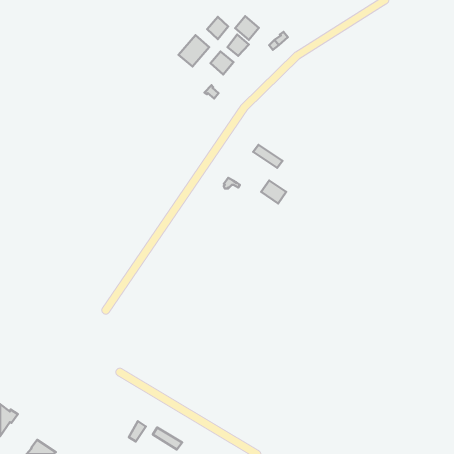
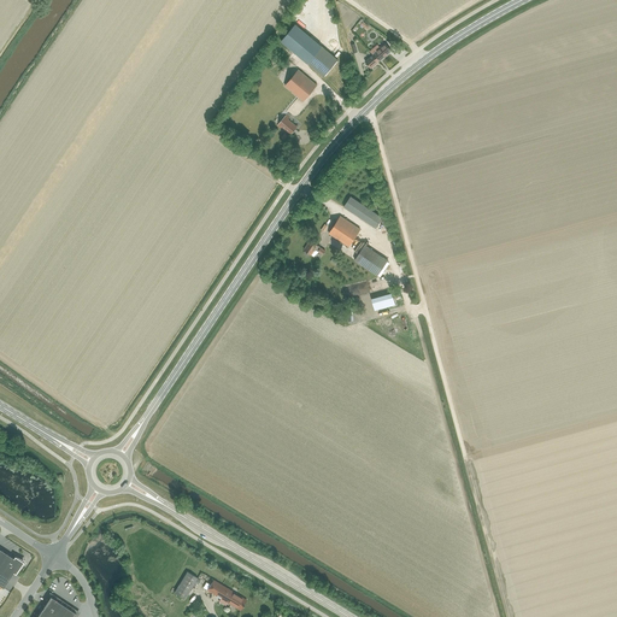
building: [235,16,259,40] -> none
building: [179,35,209,67] -> none
building: none -> [329,216,360,247]

